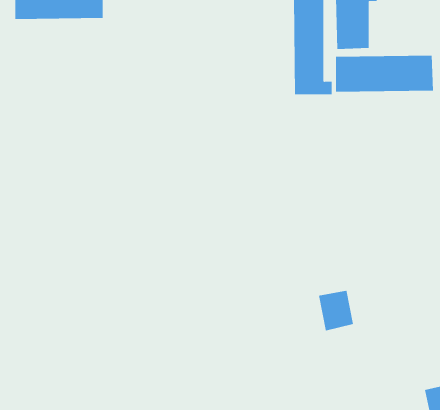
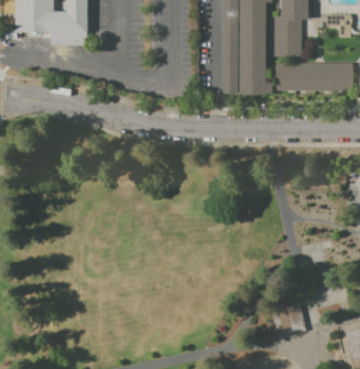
building: [318,290,354,331] -> [276,303,305,336]

